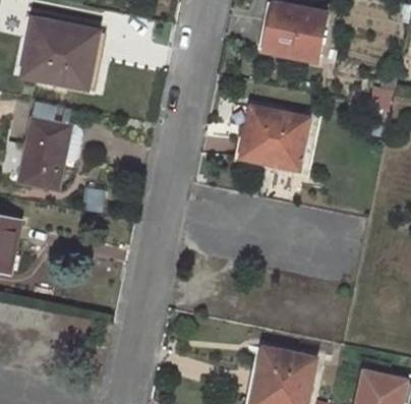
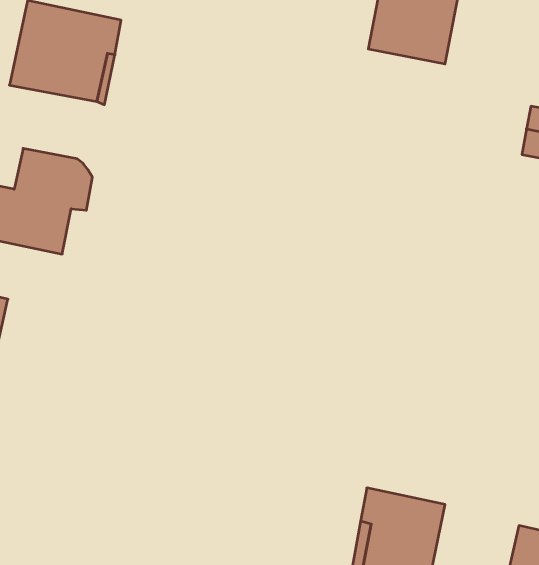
building: [241,107,307,169] -> none

